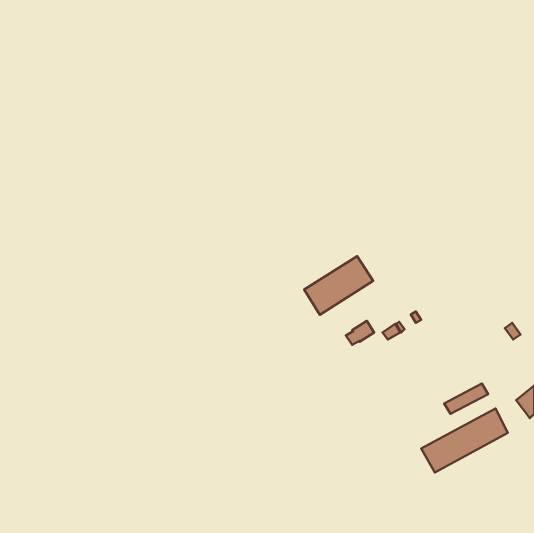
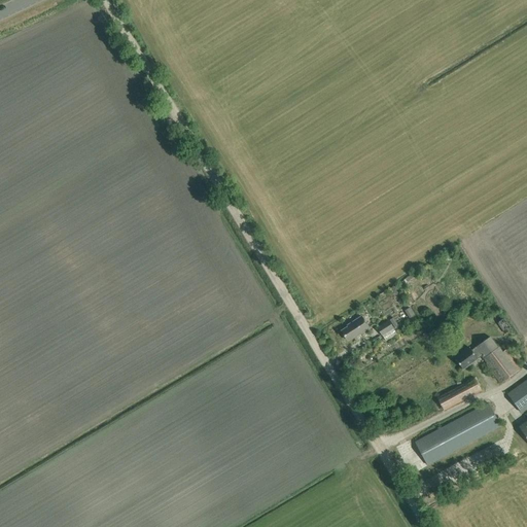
building: [304,256,373,315] -> none
building: none -> [455,335,521,384]

